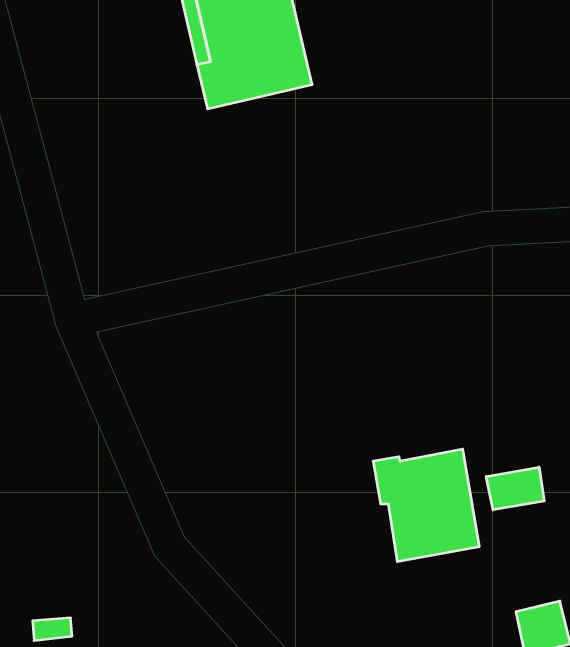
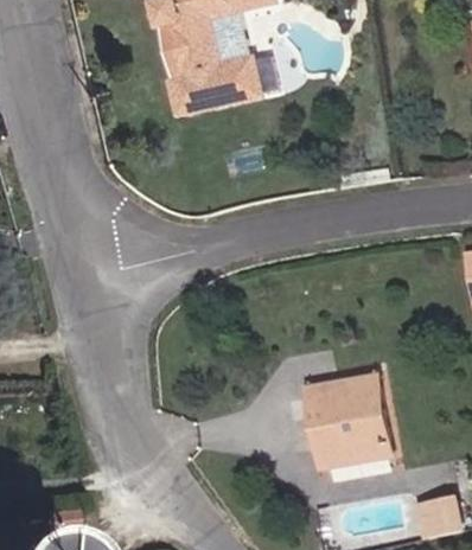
building: [486,467,544,510] -> none

